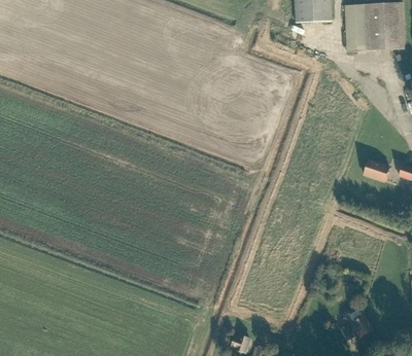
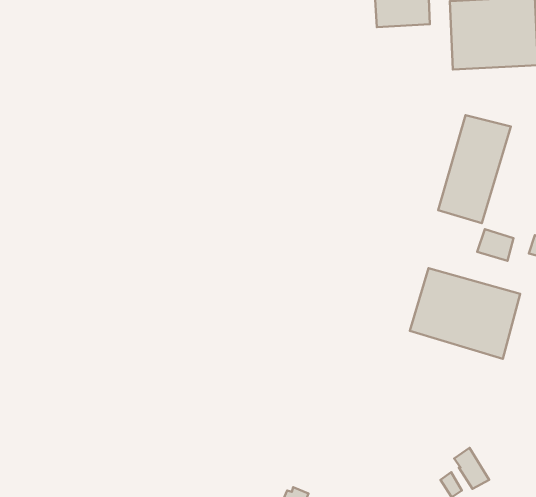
building: none -> [438,115,511,223]
building: none -> [410,268,520,359]

